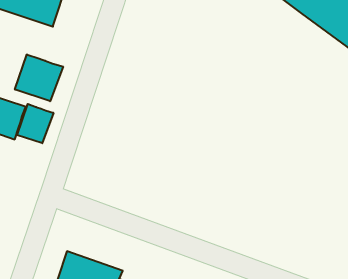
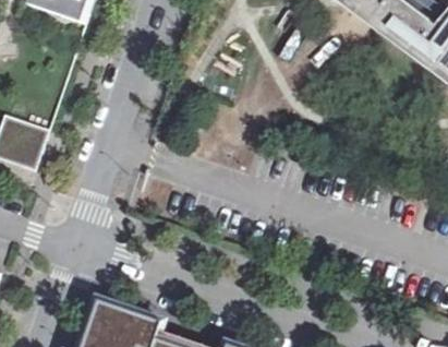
building: [15,54,63,101] -> none
building: [17,104,53,143] -> none

